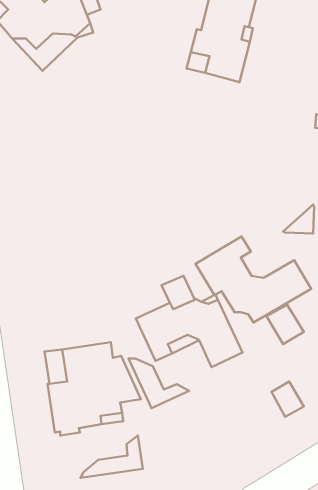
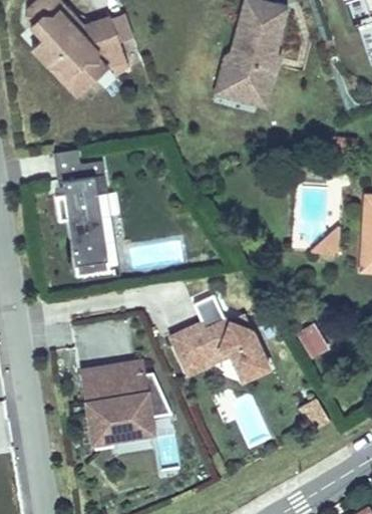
building: none -> [53,150,109,276]
building: [195,236,311,323] -> none
building: [128,358,189,408] -> none
building: [81,435,143,478] -> none

